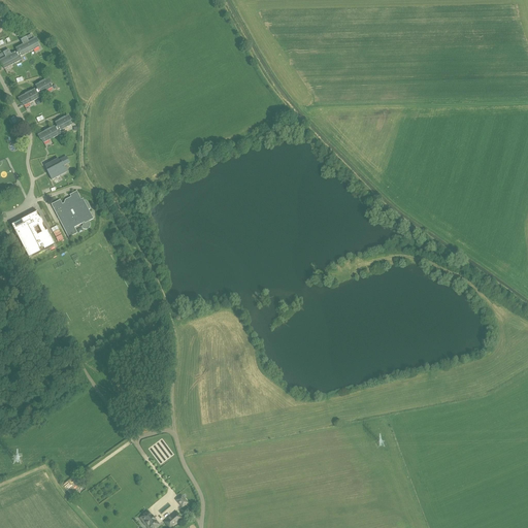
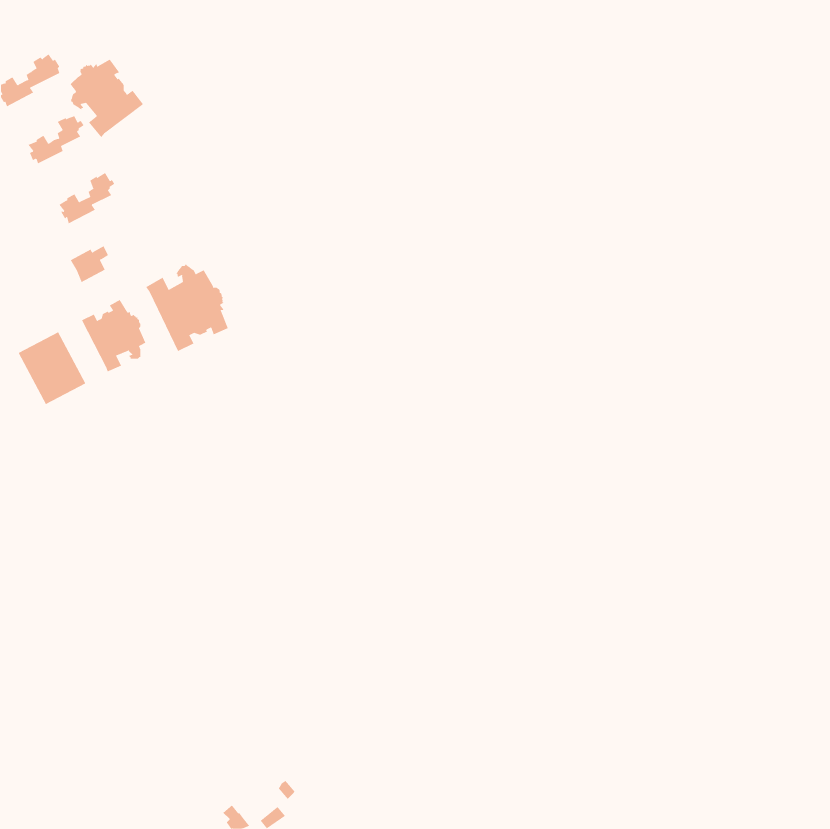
building: none -> [70,59,144,138]
building: none -> [145,263,228,352]

